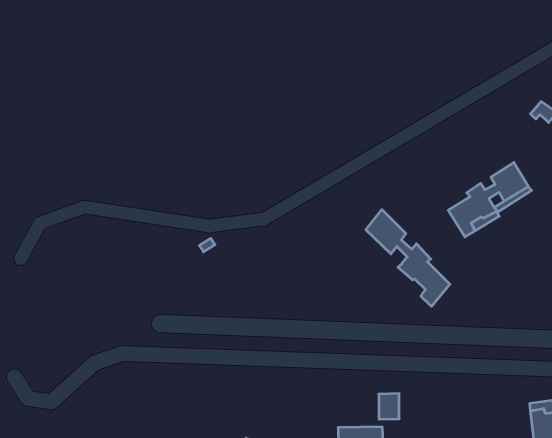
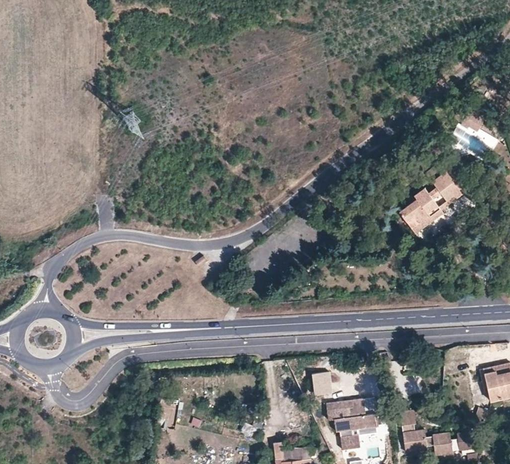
building: [366,210,450,306] -> none
building: [379,394,399,419] -> [312,373,331,396]

